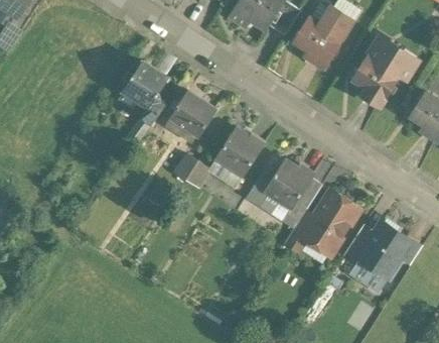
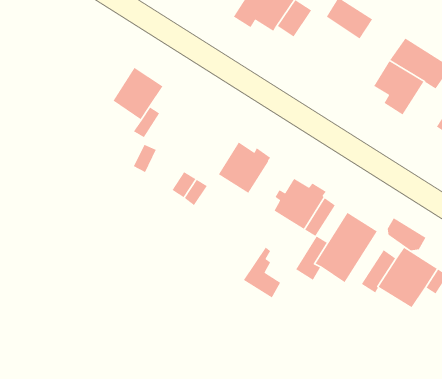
building: [296,17,342,68] -> none
building: [170,90,216,137] -> none
building: [246,166,280,213] -> [243,246,281,298]
building: [353,258,389,289] -> [387,217,426,251]

